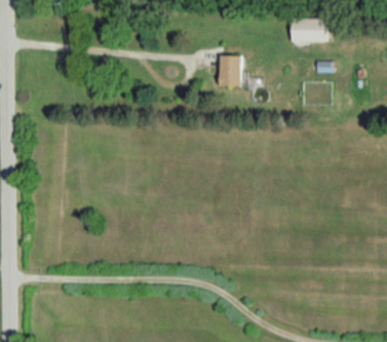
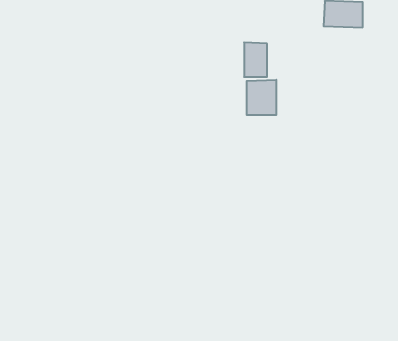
building: none -> [247,80,276,115]

